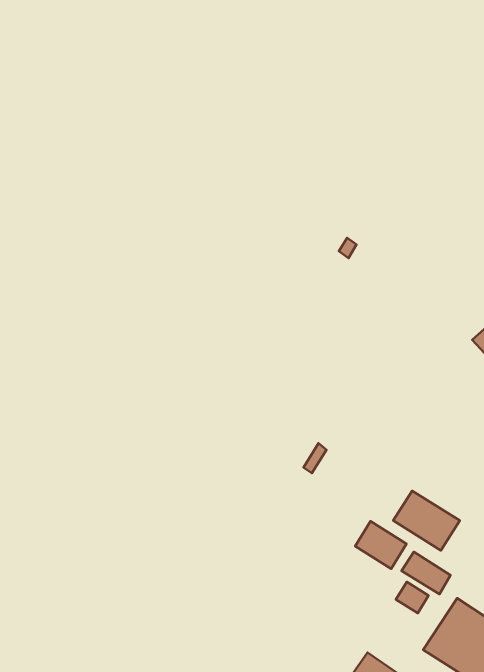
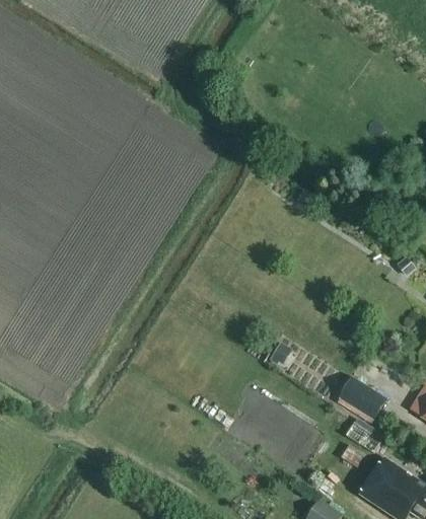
building: [355,521,407,569] -> none

